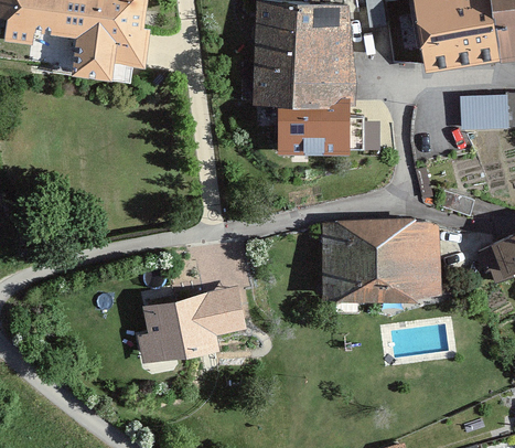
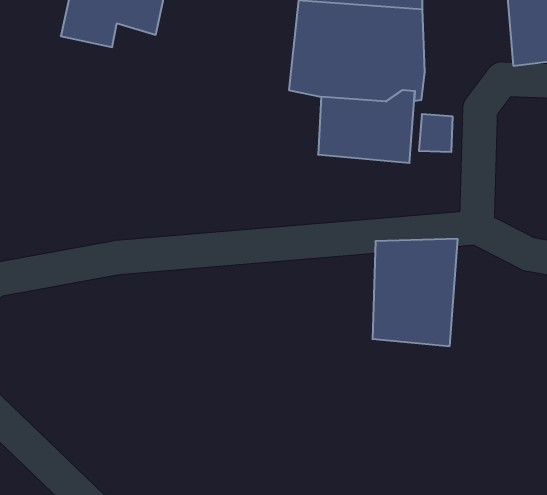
building: [390,213,449,297] -> none
building: [142,282,255,366] -> none

